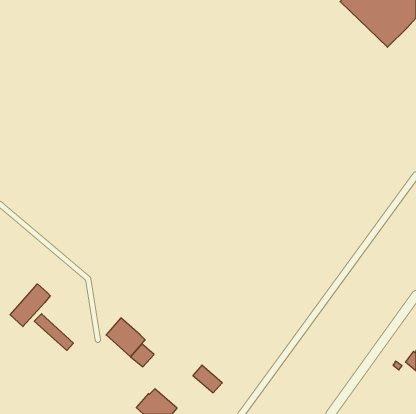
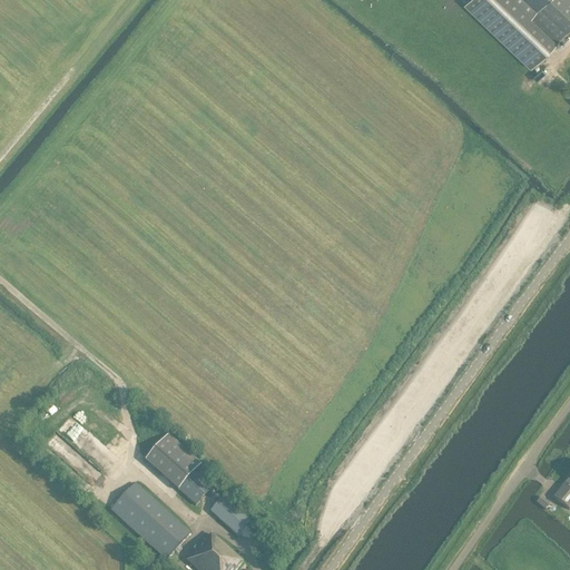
building: [10,284,50,327] -> none
building: none -> [110,480,189,557]
building: [193,365,222,393] -> [209,494,249,532]

